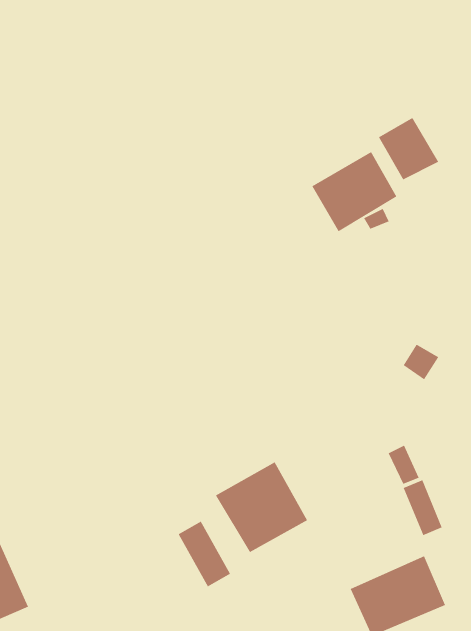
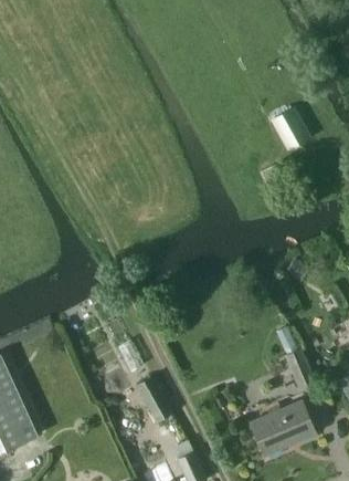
building: [311,151,397,232] -> none
building: [215,461,308,553] -> none

